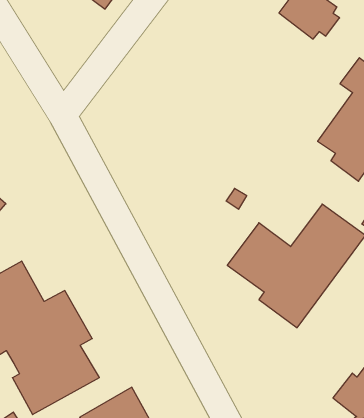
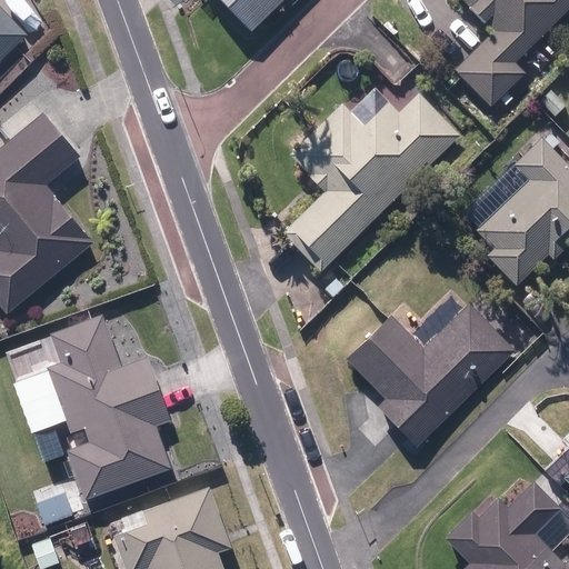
building: none -> [282,88,459,271]

